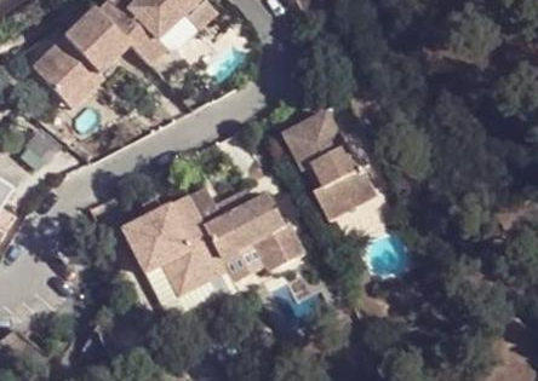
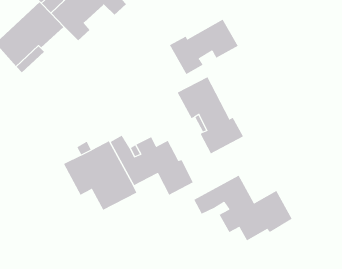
building: none -> [169,19,238,75]
building: none -> [194,175,292,241]

